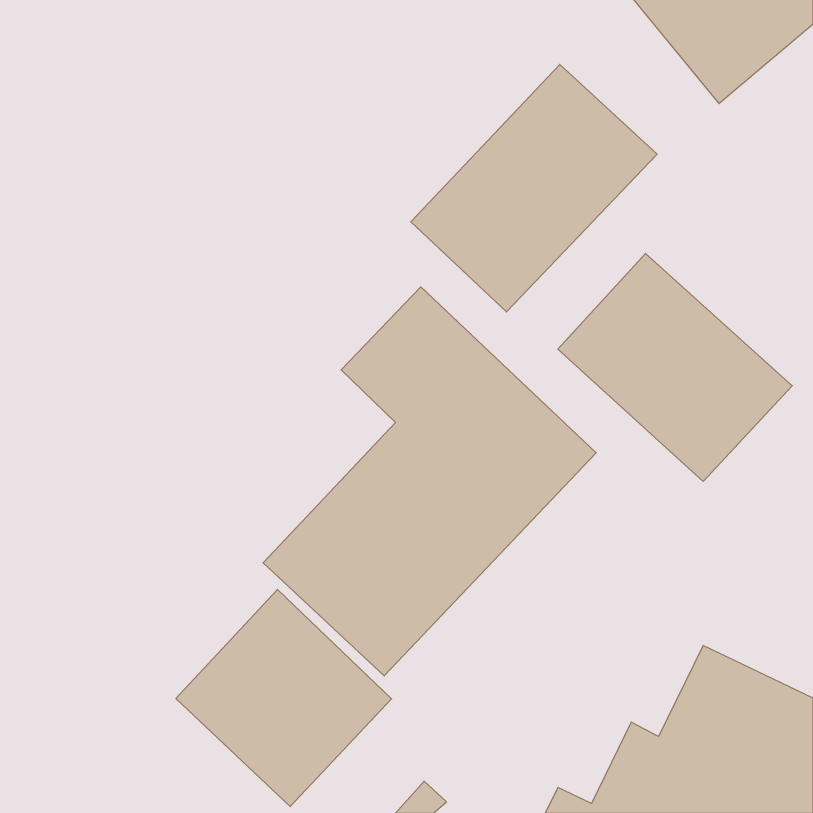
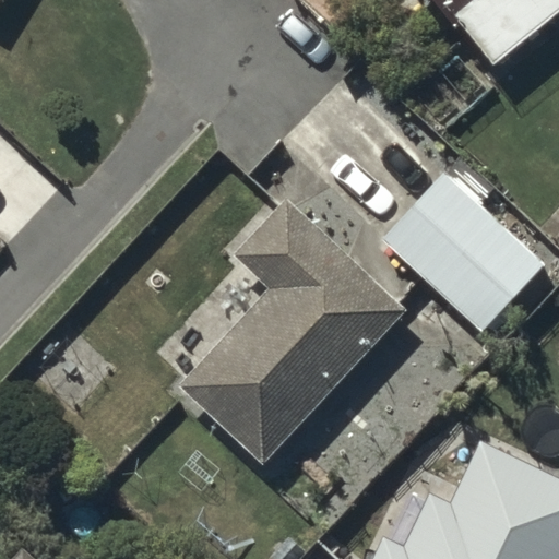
building: [411,64,657,312] -> none
building: [176,589,392,807] -> none

